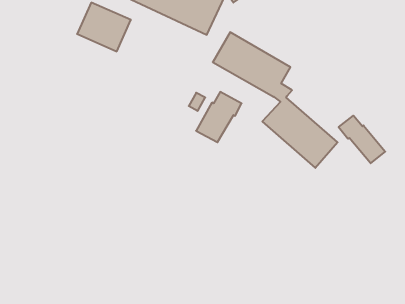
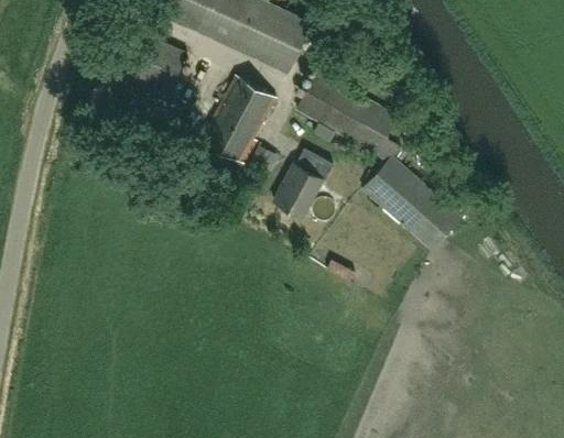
building: none -> [202,77,276,164]
building: [339,116,385,163] -> none

